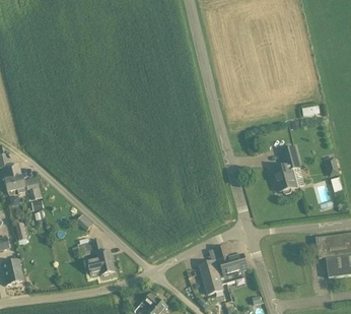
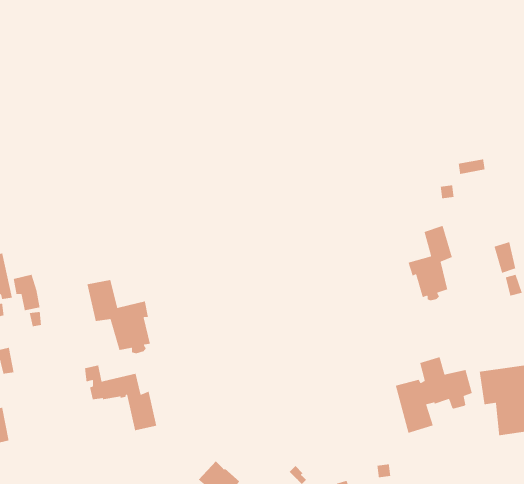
building: none -> [87,279,151,354]
building: [199,245,248,294] -> [395,356,473,434]

